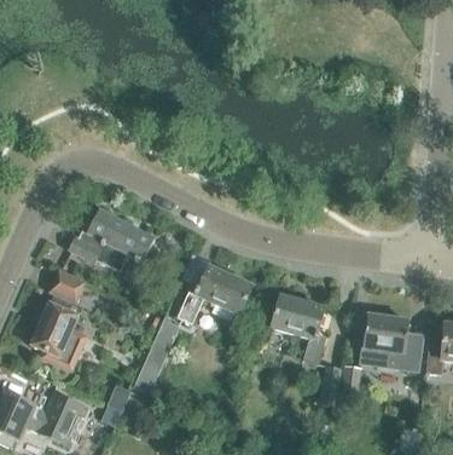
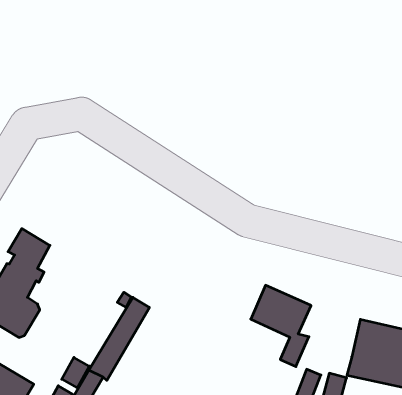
building: [63,209,156,270] -> none
building: [179,269,250,322] -> none

